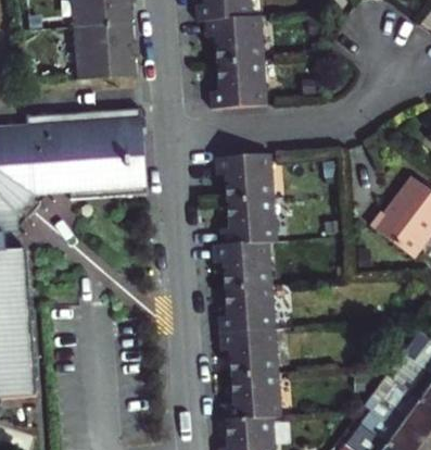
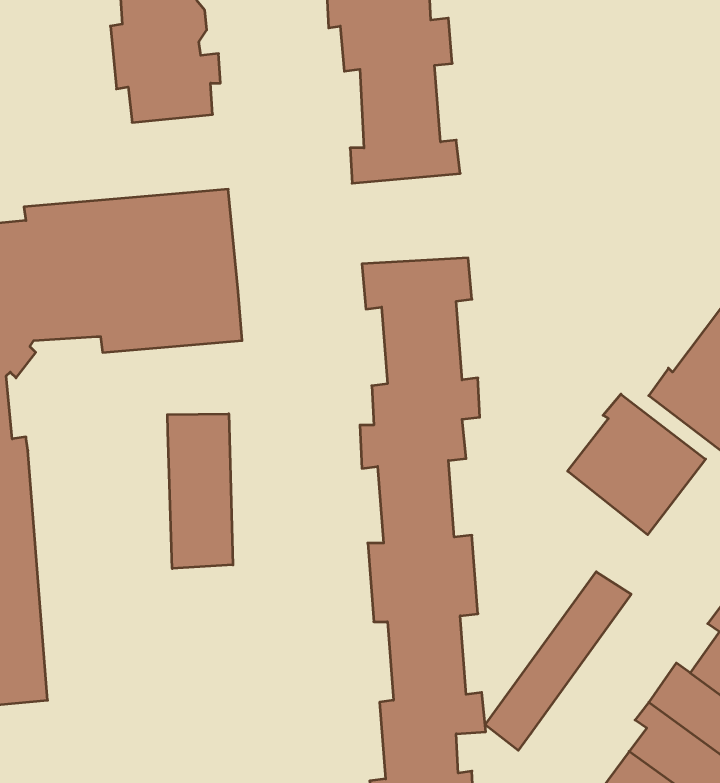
building: none -> [568,394,706,535]
building: none -> [167,414,233,569]
building: none -> [485,572,631,750]

